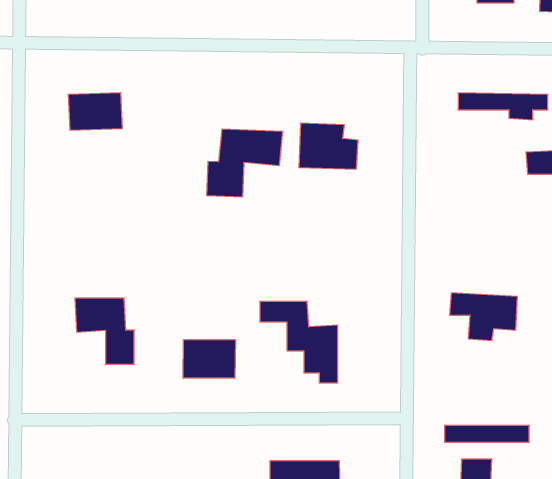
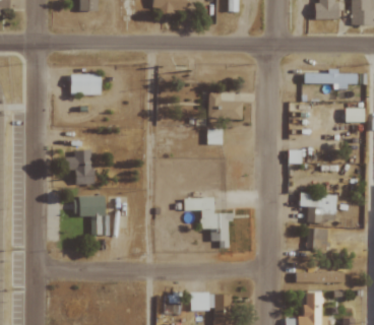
building: [207,129,283,197] -> none
building: none -> [68,149,94,185]
building: [183,340,236,378] -> none
building: none -> [309,229,328,251]

